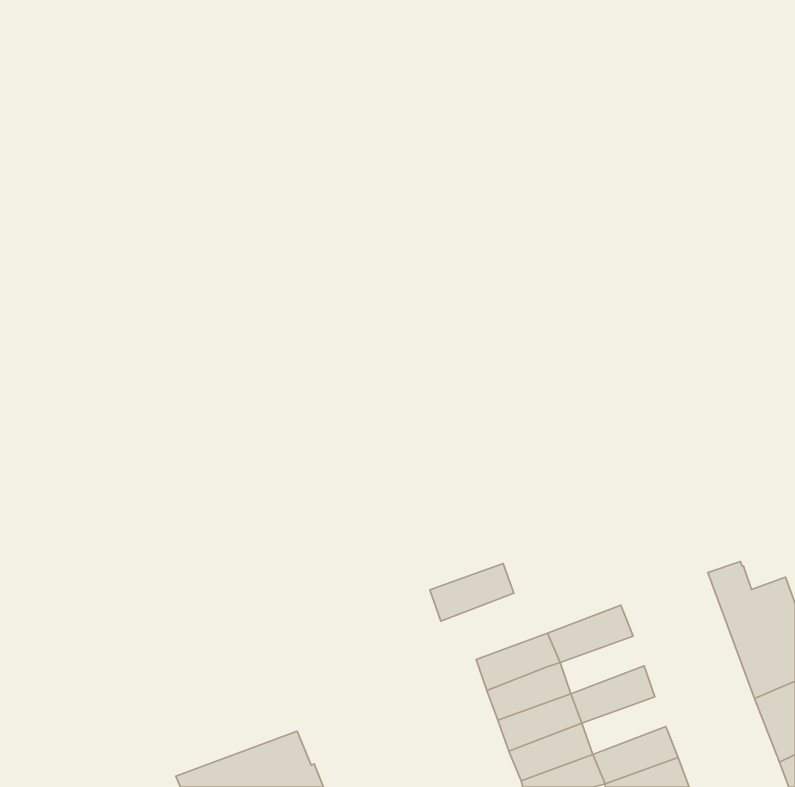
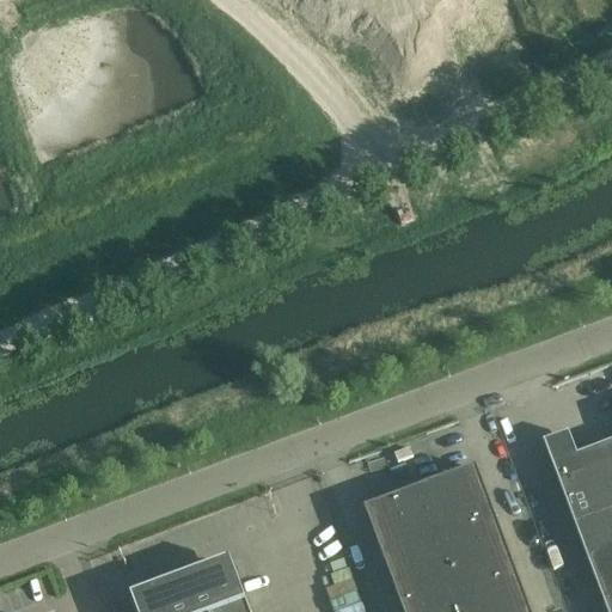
building: [430,564,514,621] -> [430,489,495,533]
building: none -> [447,536,512,580]

